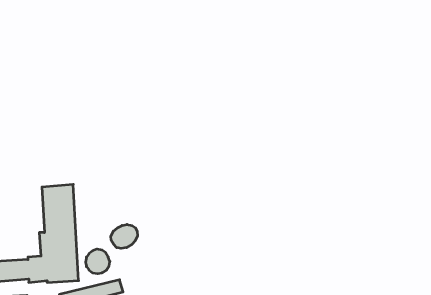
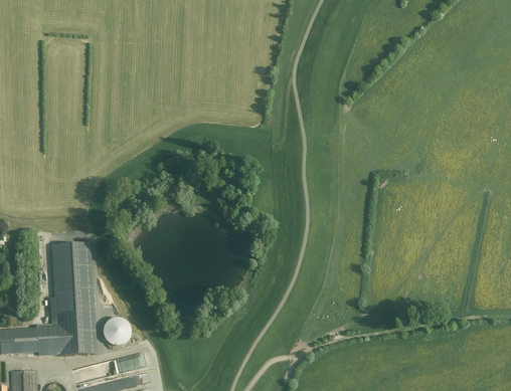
building: [111,224,138,248] -> none

